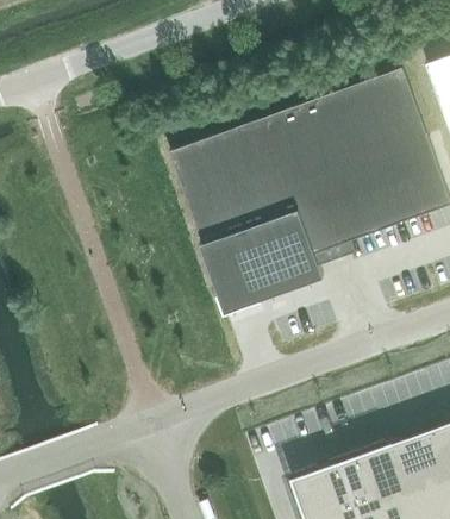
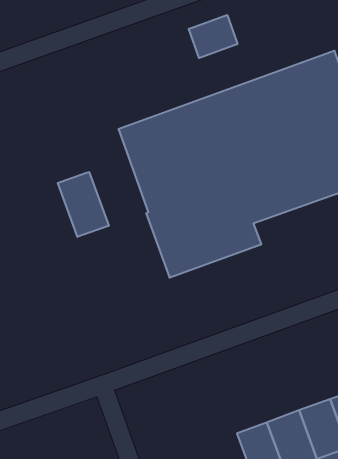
building: none -> [189,15,237,58]
building: none -> [58,172,109,237]

